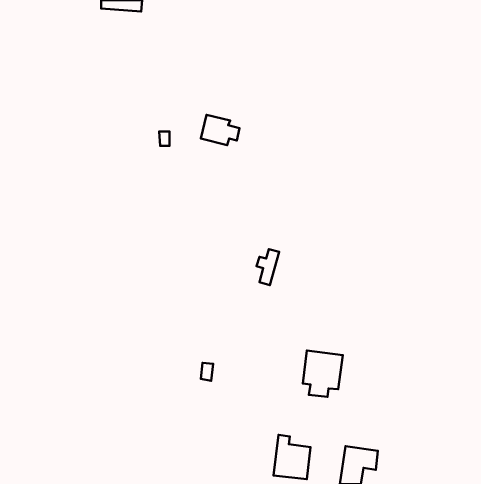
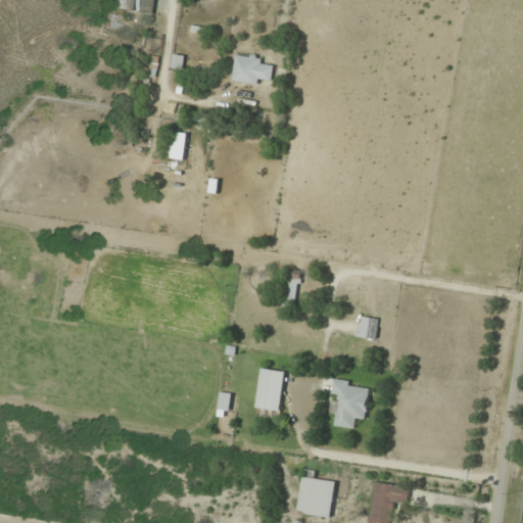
building: [201,115,240,145] -> [230,52,272,85]
building: none -> [353,316,377,339]
building: none -> [254,368,284,411]

